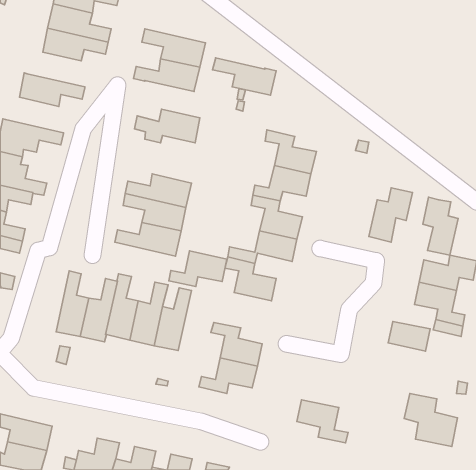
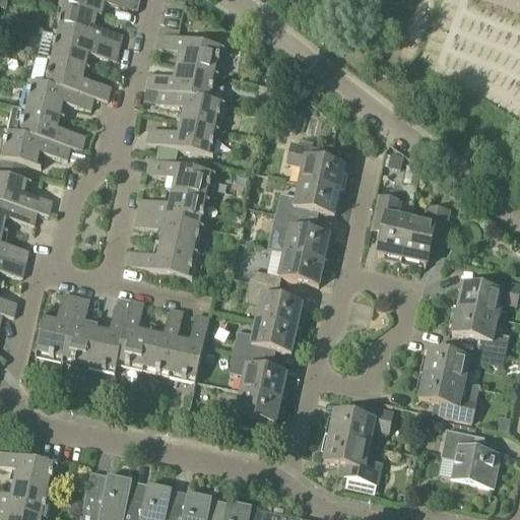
building: none -> [30,54,111,99]
building: [213,58,276,95] -> [155,87,224,128]
building: none -> [7,104,85,147]
building: none -> [146,151,215,199]
building: [423,197,458,255] -> [373,194,411,257]
building: [169,251,227,286] -> [234,318,297,356]
building: none -> [36,291,76,361]
building: none -> [418,373,478,420]
building: none -> [329,404,392,443]

